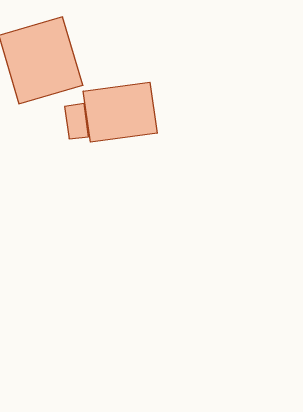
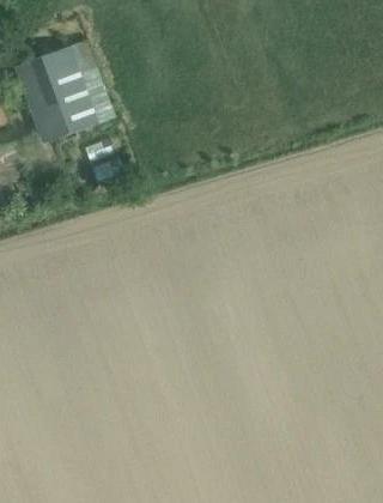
building: [83,82,157,142] -> none

